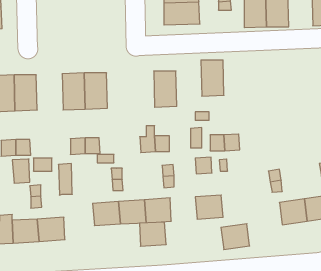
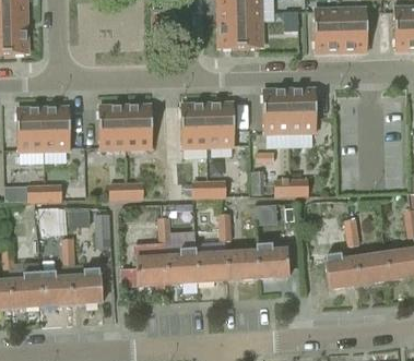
building: none -> [288,88,316,131]
building: none -> [180,103,208,146]
building: [140,222,166,246] -> [226,251,258,279]
building: [221,224,250,250] -> [324,257,358,288]

